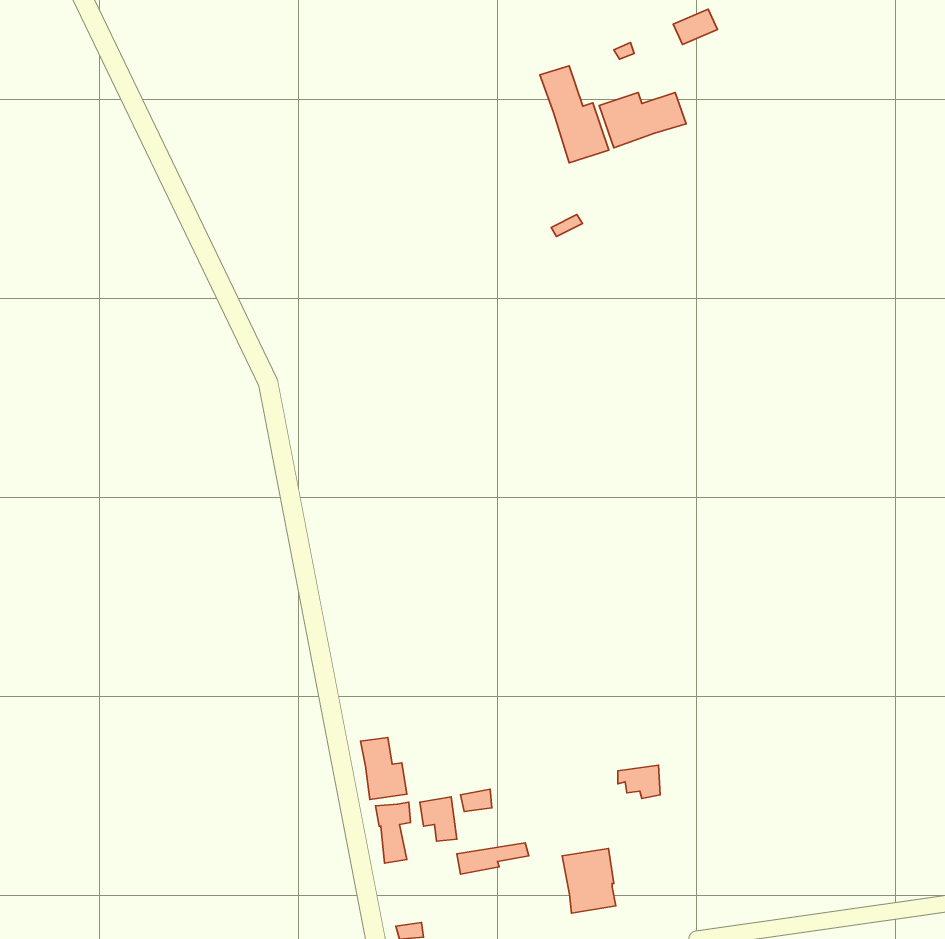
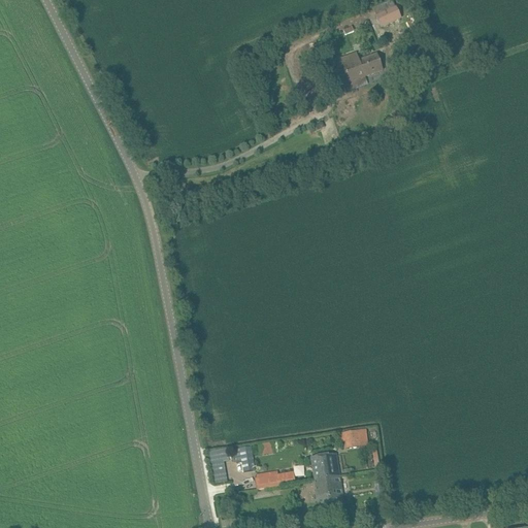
building: [540,66,609,163] -> none
building: [360,737,407,800] -> none
building: none -> [310,452,339,477]

